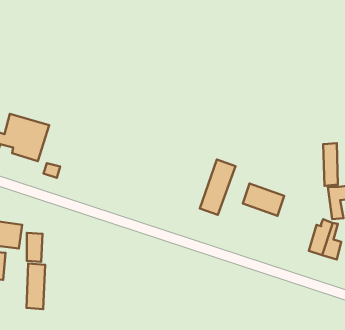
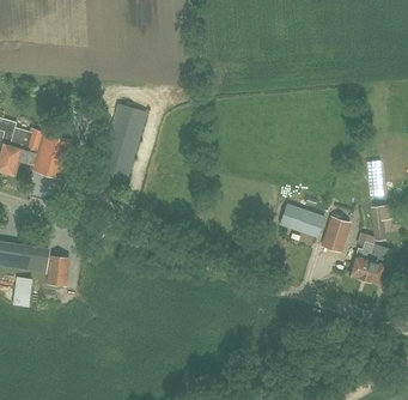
building: none -> [97,103,147,186]
building: [200,160,236,215] -> none
building: none -> [323,218,349,251]
building: [26,264,45,309] -> none

